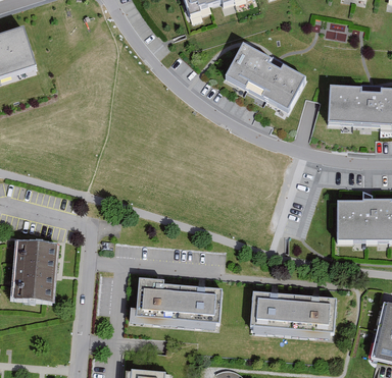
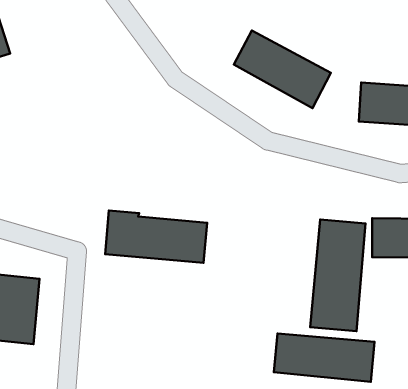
building: none -> [310,219,365,331]
building: [137,282,223,326] -> [105,211,207,263]

